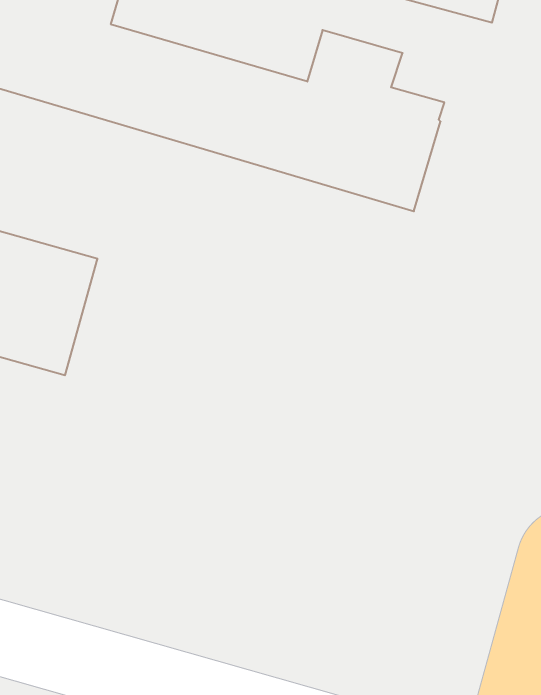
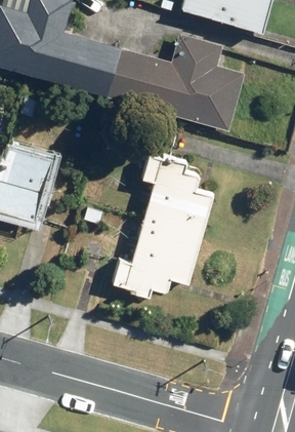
building: none -> [113,154,215,298]

